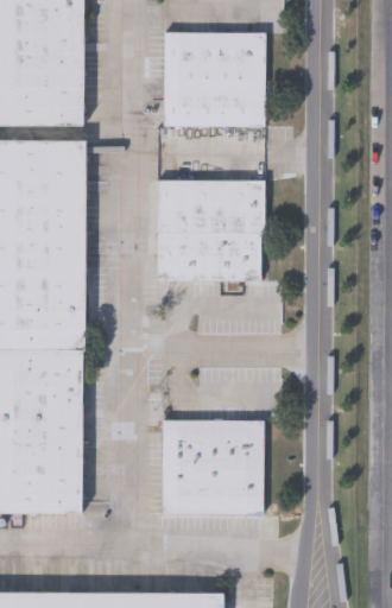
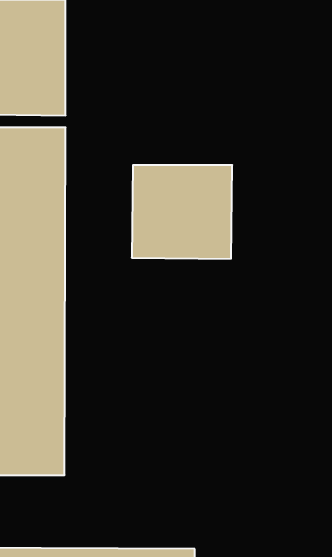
building: [164,31,266,127] -> none
building: [162,419,265,513] -> none

